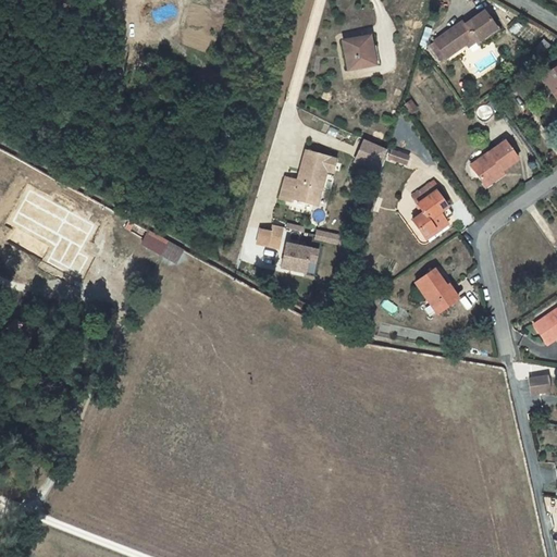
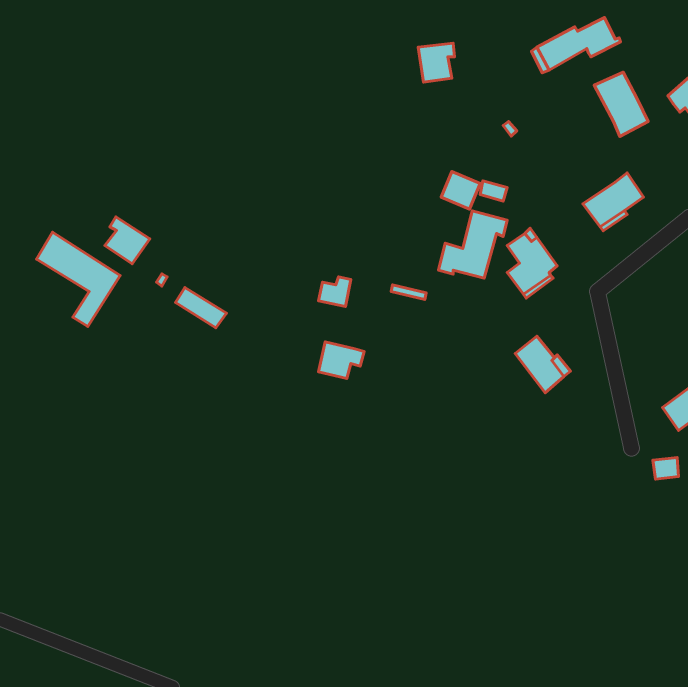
building: none -> [594,72,648,137]
building: [281,149,336,203] -> [438,211,507,278]
building: none -> [105,217,150,264]
building: [282,242,319,271] -> [318,342,364,378]

